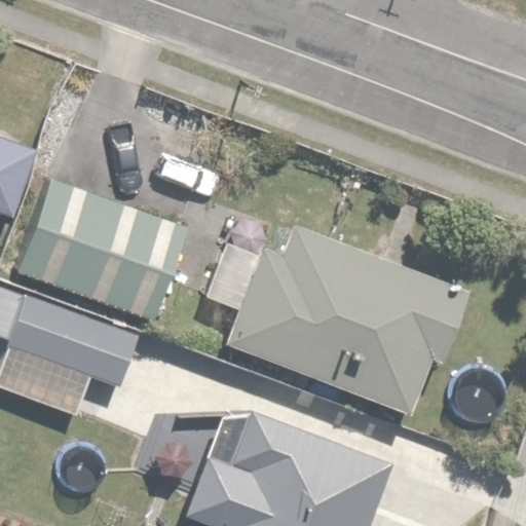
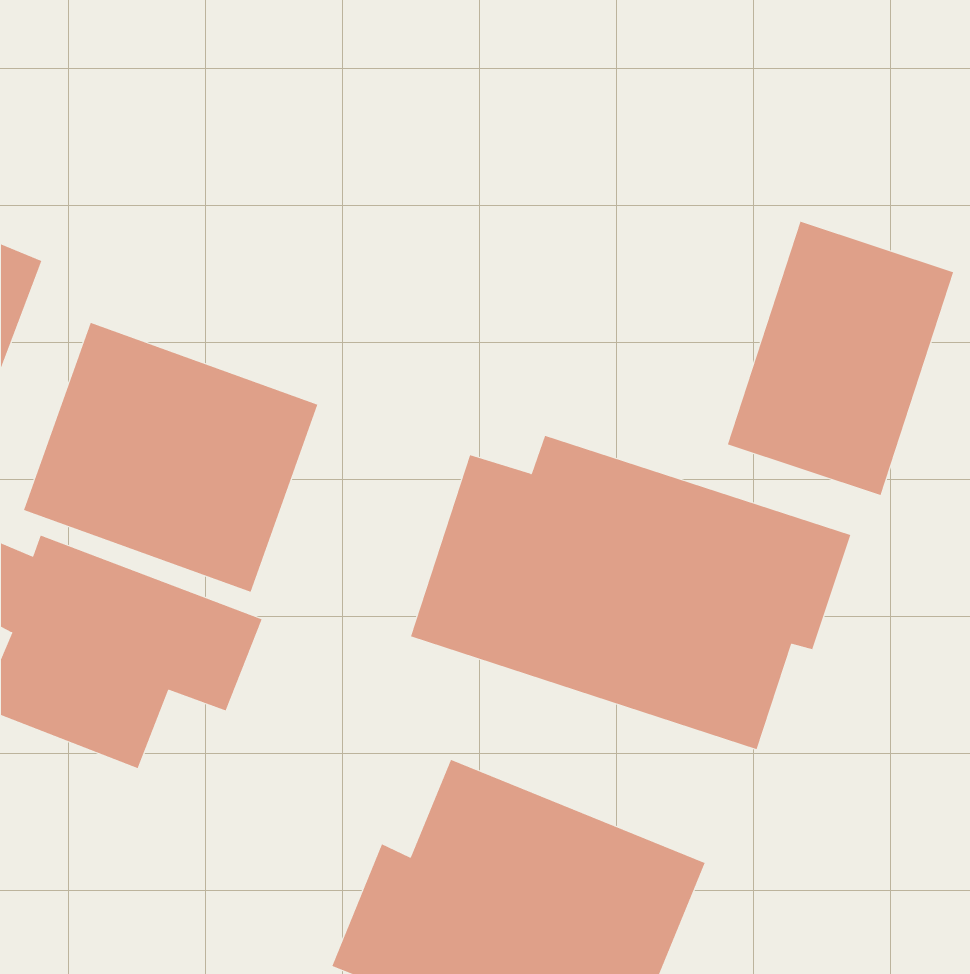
building: none -> [727,221,954,496]

